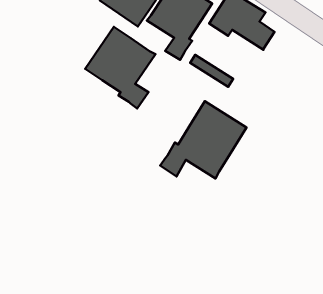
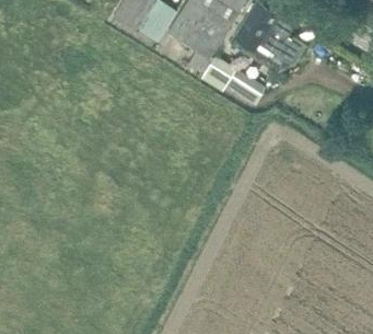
building: [85,27,155,108] -> none
building: [160,101,247,179] -> none

